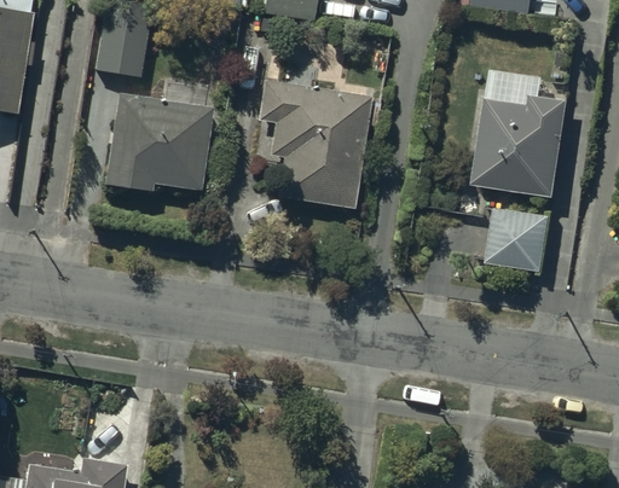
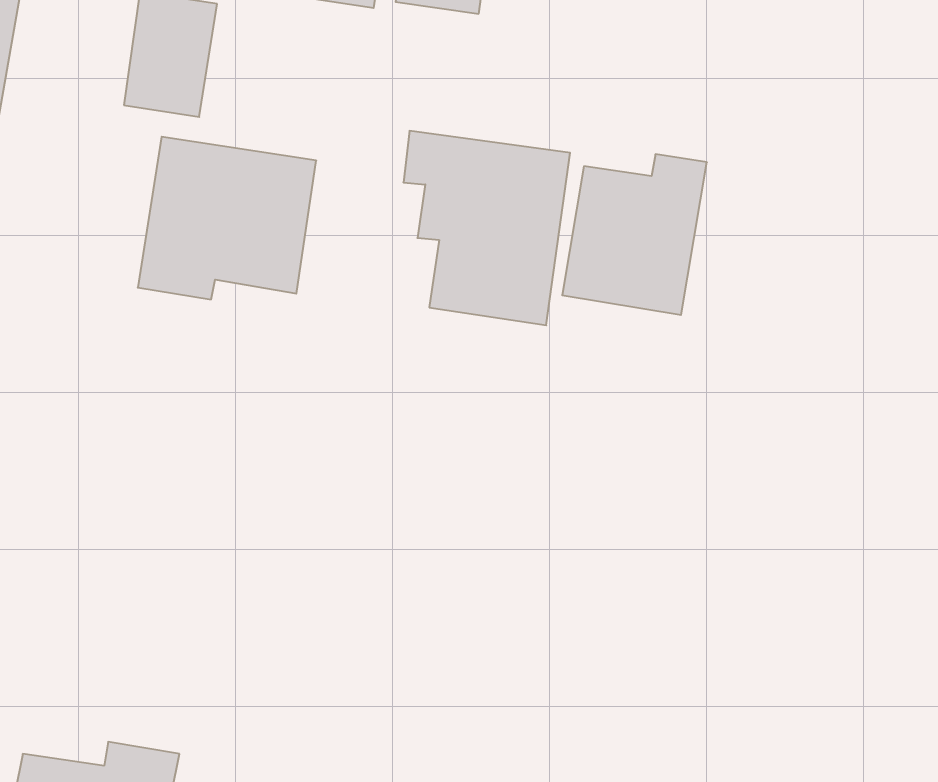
building: [479,95,567,193] -> [562,154,707,315]
building: [492,208,549,266] -> none

